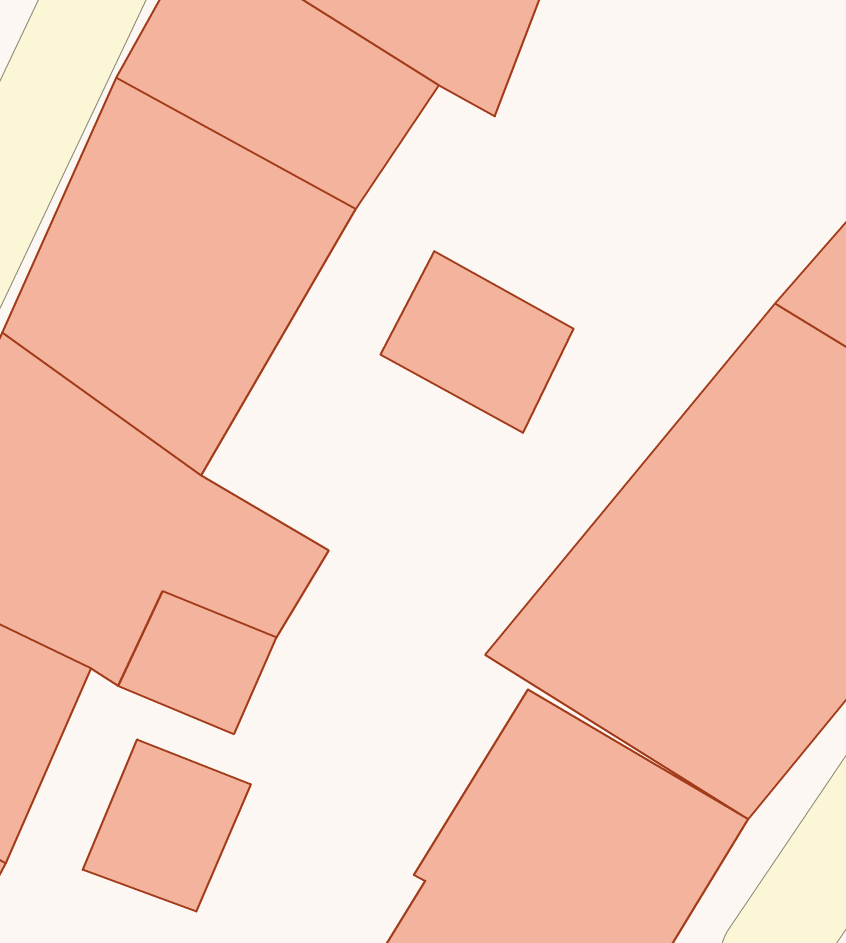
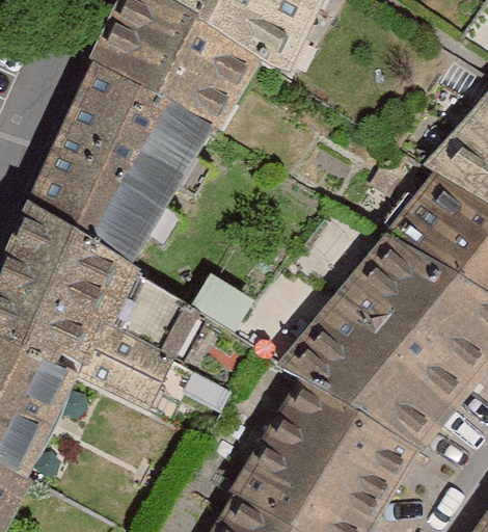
building: [381,251,573,433] -> none
building: [83,739,251,912] -> none

